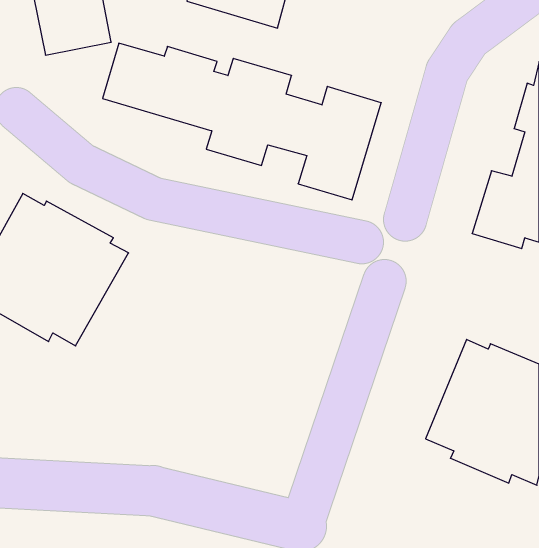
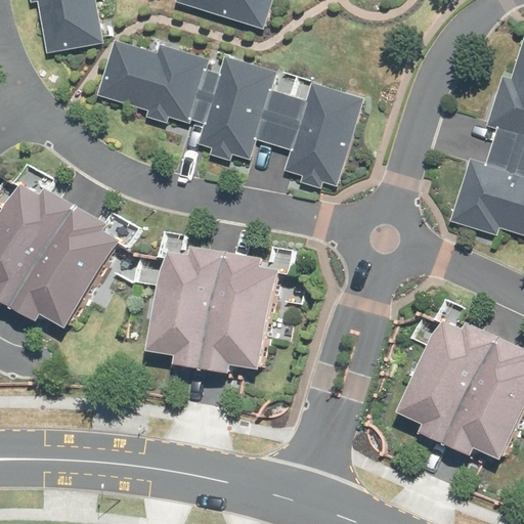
building: none -> [156,251,281,374]

